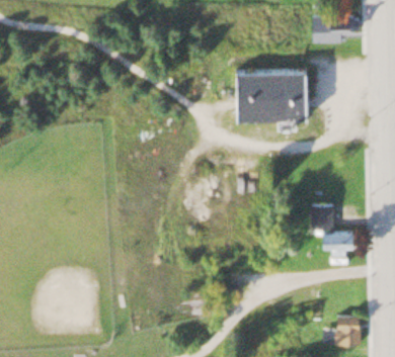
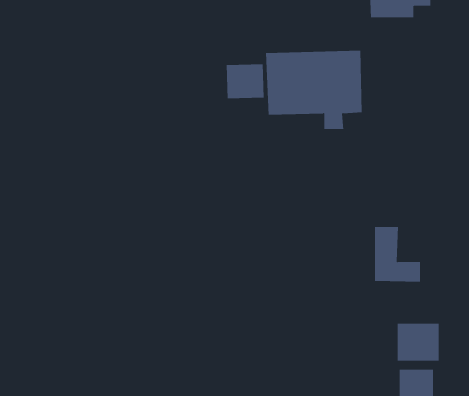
building: none -> [226,63,264,99]
building: none -> [397,323,439,362]

